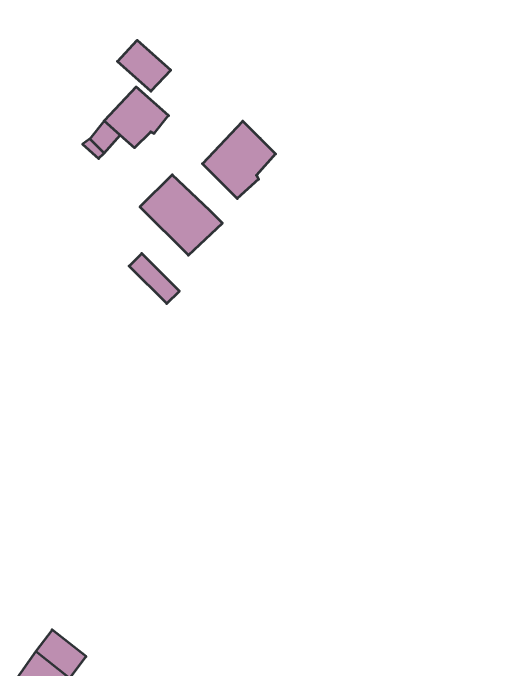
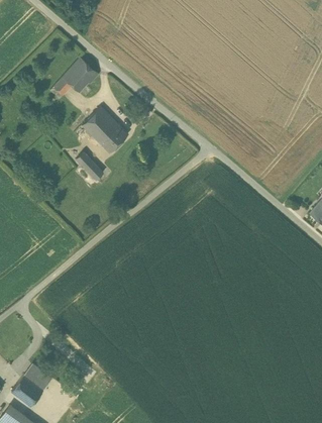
building: [117,40,171,91] -> none
building: [202,121,276,199] -> none

